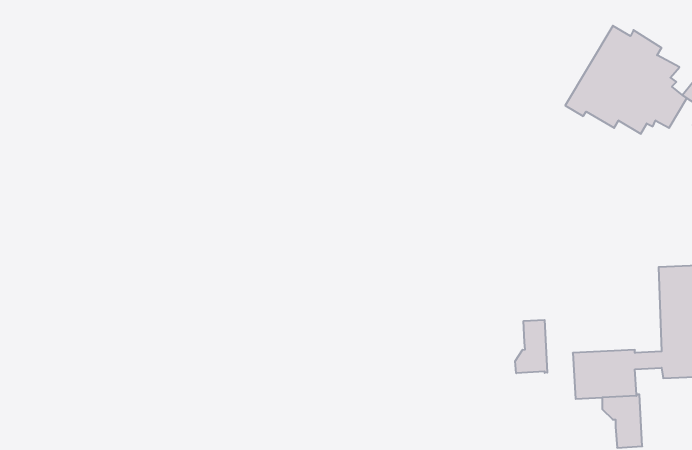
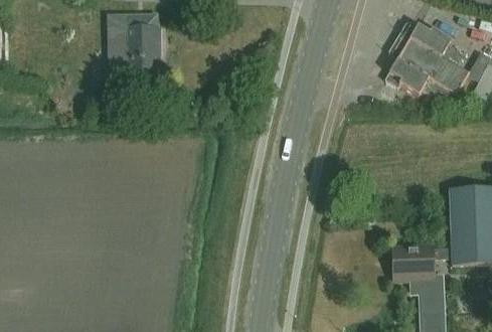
building: none -> [108,12,161,77]
building: [515,320,547,373] -> none

